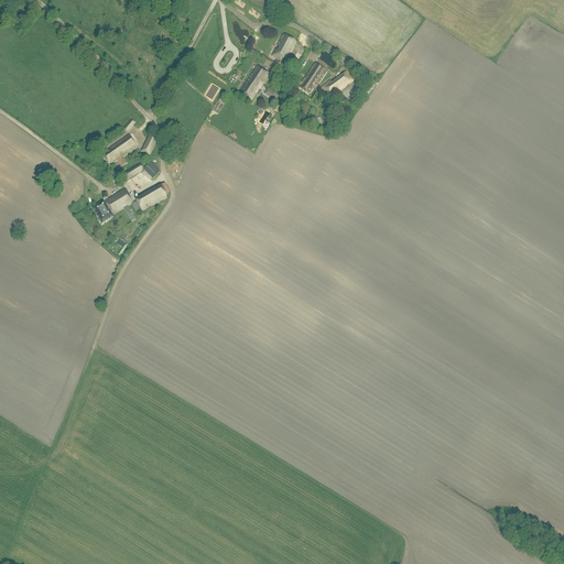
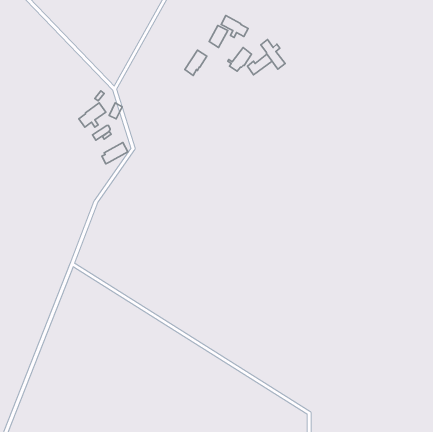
building: none -> [221,16,248,37]
building: none -> [261,40,285,69]
building: [93,187,133,223] -> none

